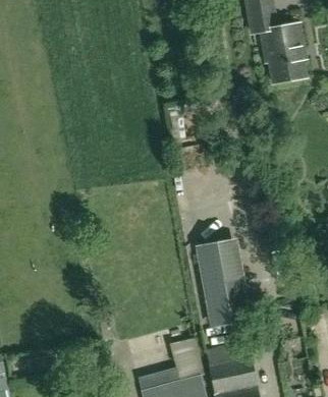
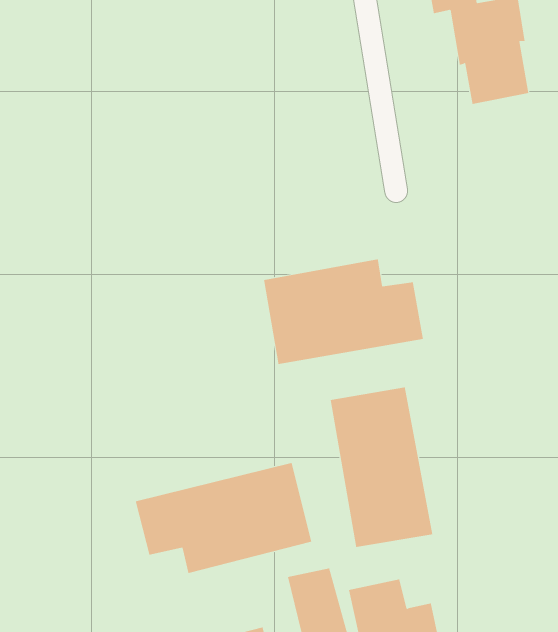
building: none -> [263,258,423,365]
building: none -> [135,462,312,574]

